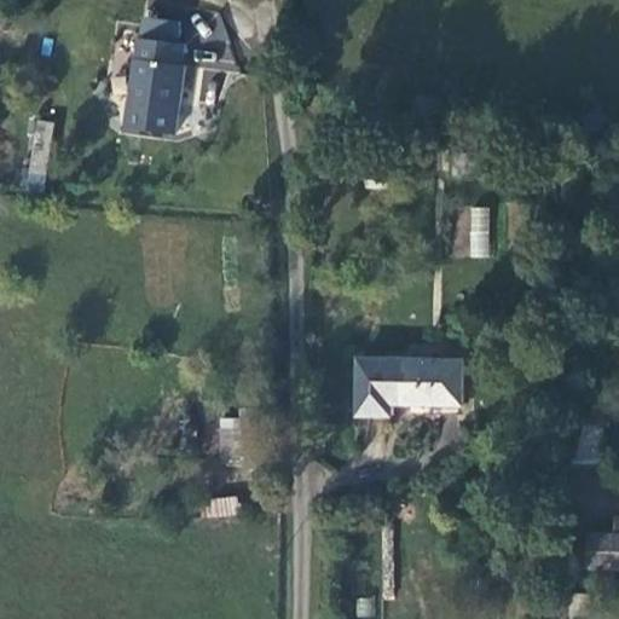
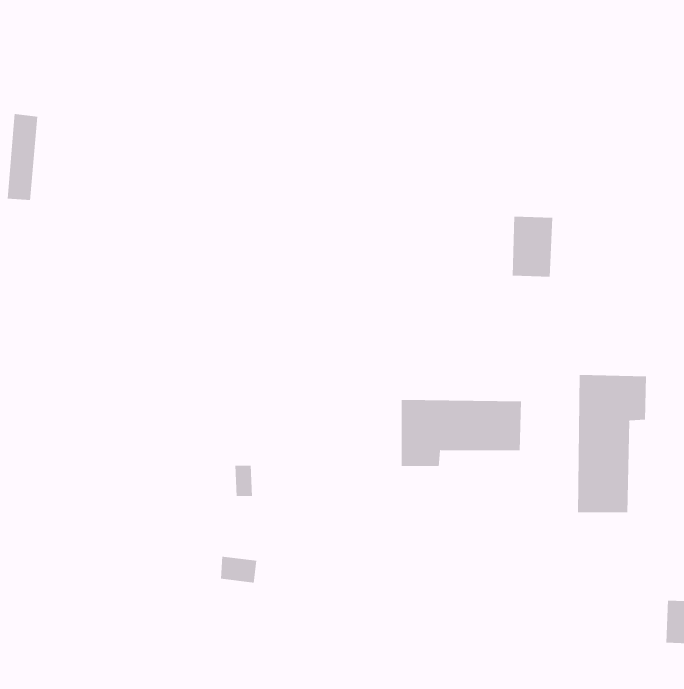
building: [126,37,183,132] -> none
building: none -> [578,374,647,513]

